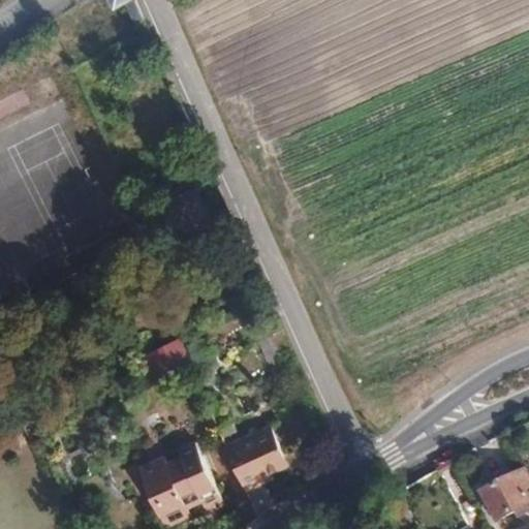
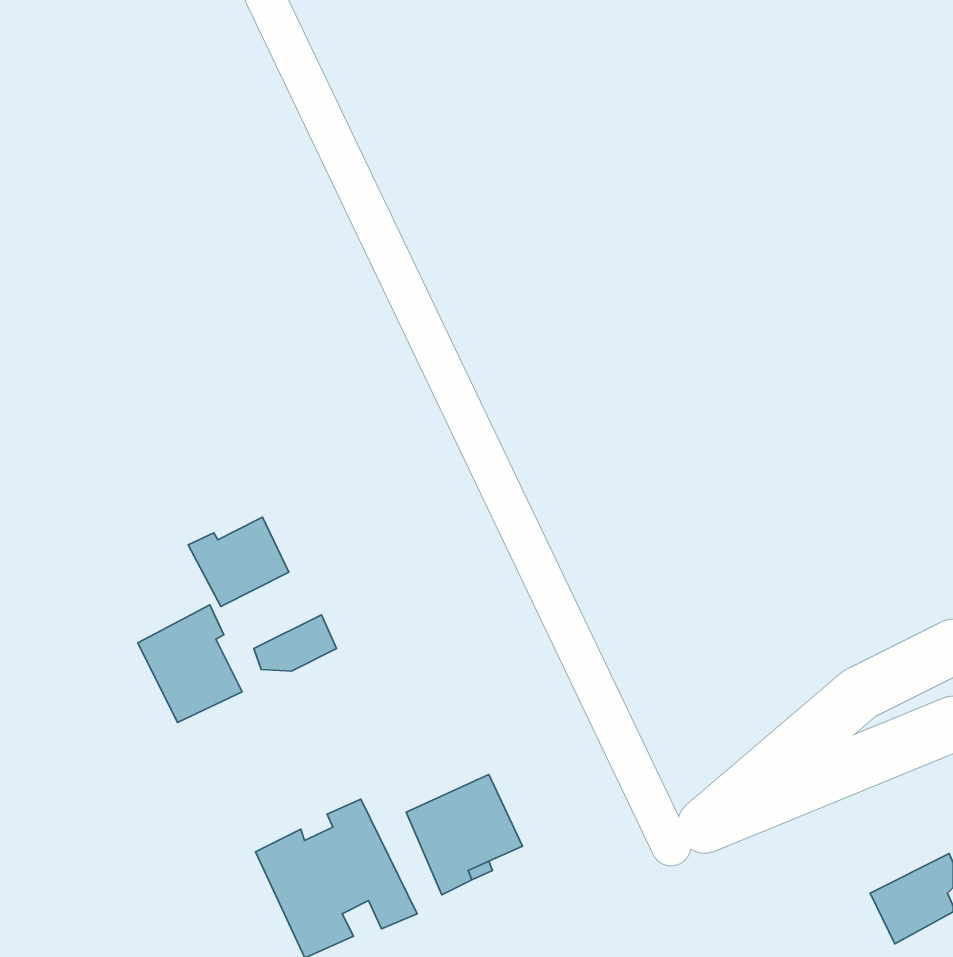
building: none -> [188,517,289,606]
building: none -> [138,605,242,723]

